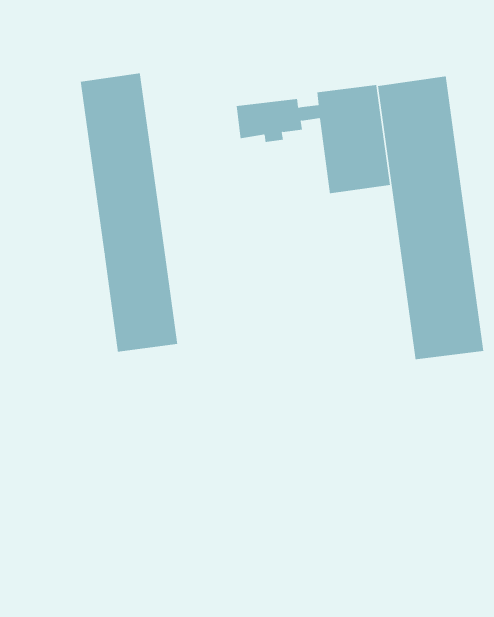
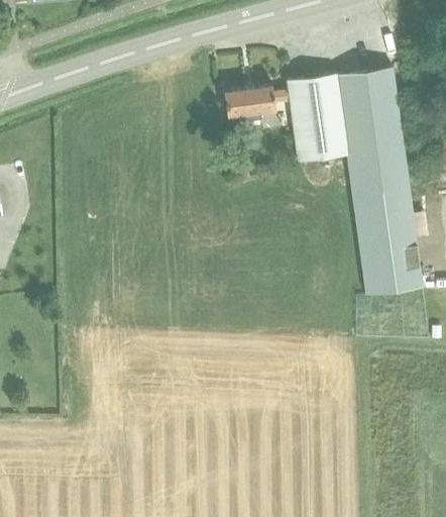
building: [80,72,178,352] -> none

